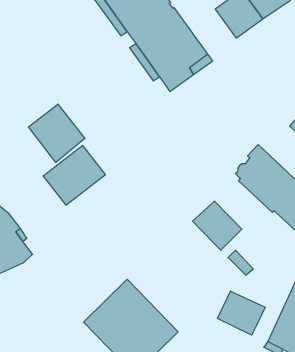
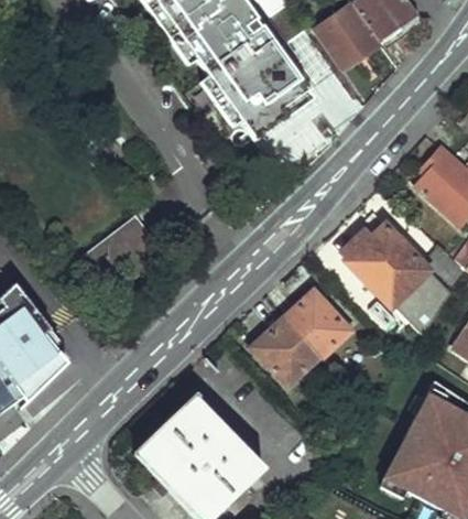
building: [28,104,85,163] -> none
building: none -> [253,316,319,382]
building: [217,291,265,335] -> none

